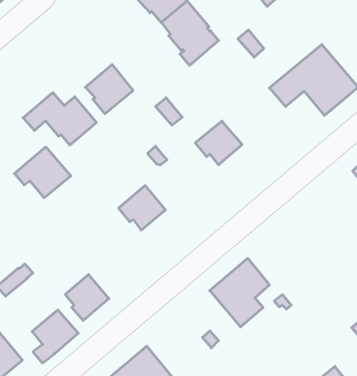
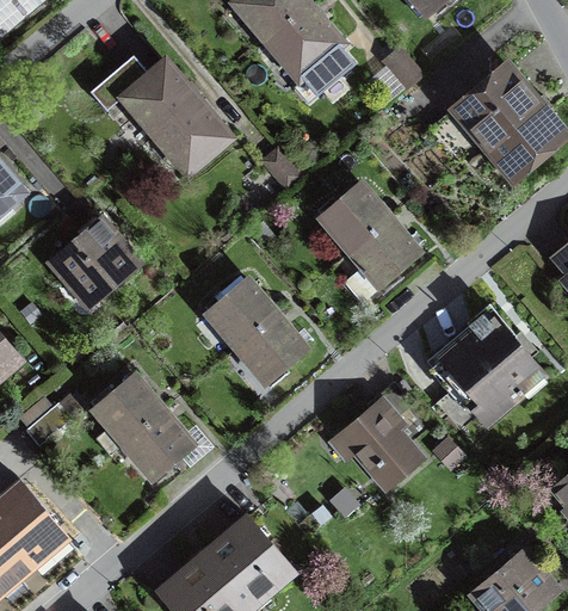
building: [23,93,96,145] -> [88,55,197,132]
building: none -> [345,217,419,301]
building: none -> [240,314,305,382]
building: none -> [440,314,539,418]
building: [32,310,78,363] -> [94,375,162,453]

